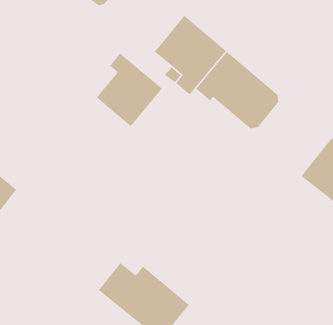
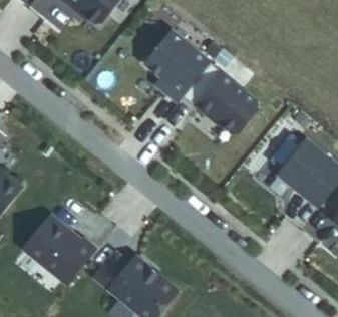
building: [96,53,163,127] -> none
building: none -> [22,214,96,284]

